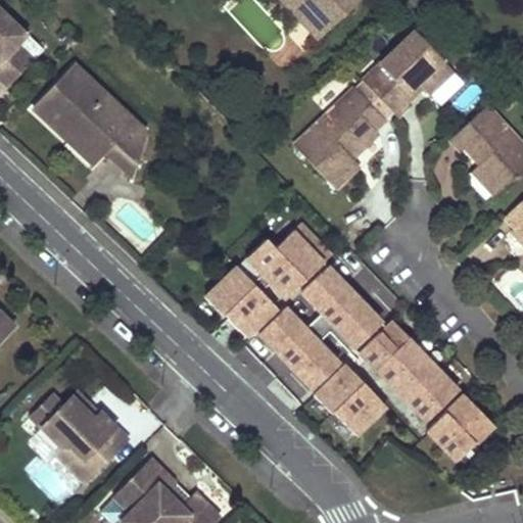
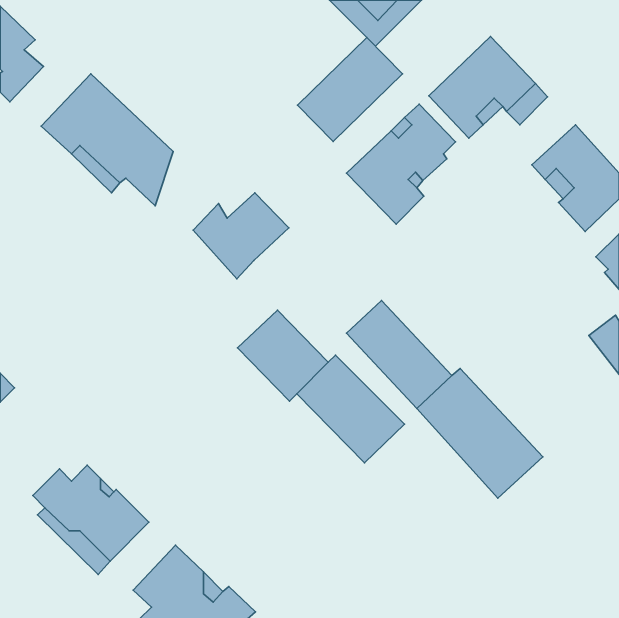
building: none -> [298,37,403,142]
building: [241,225,322,297] -> [193,193,289,279]
building: [307,359,386,437] -> none
building: [420,386,493,460] -> none

